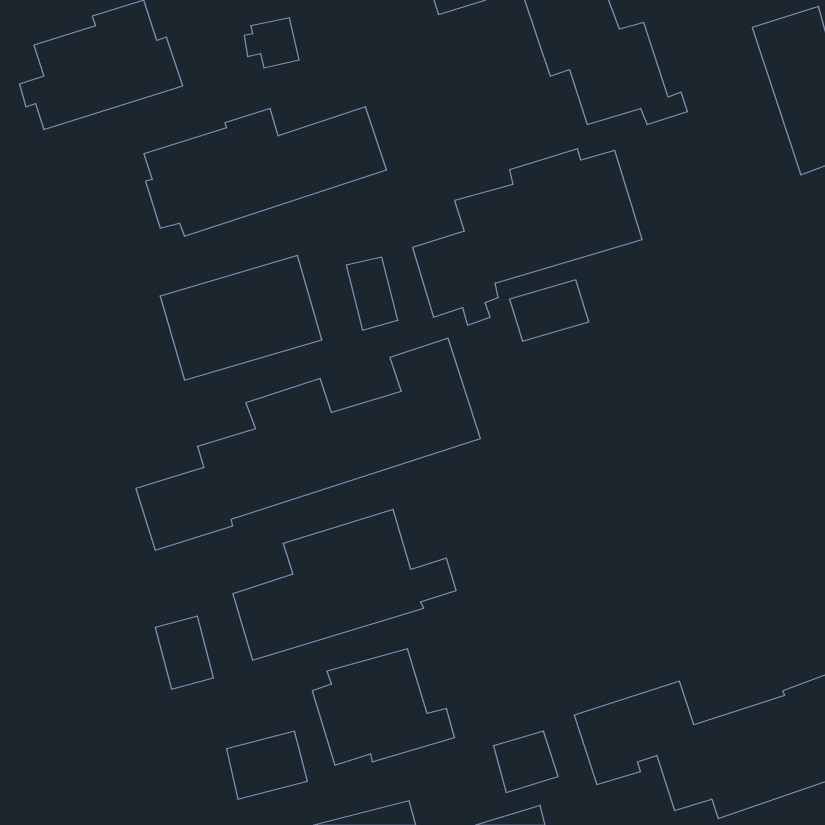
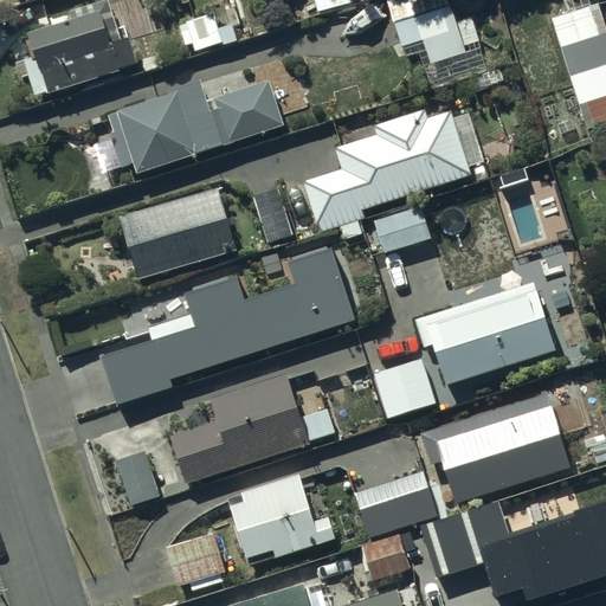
building: none -> [415,284,554,383]
building: none -> [374,357,437,417]
building: none -> [419,392,573,501]
building: none -> [356,471,437,535]

